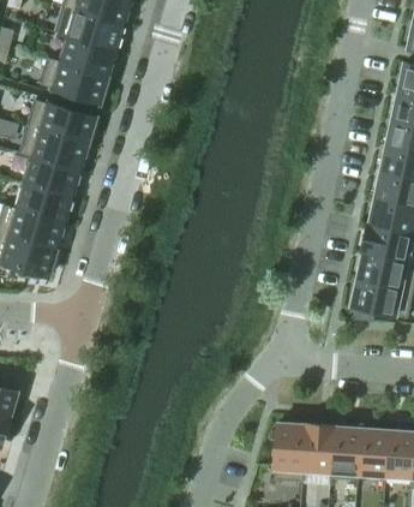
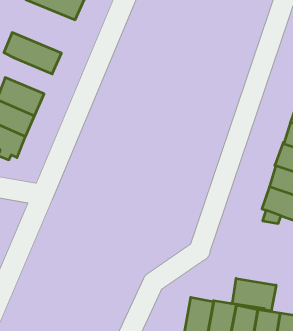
building: [26,100,96,145] -> none
building: [24,157,80,197] -> none
building: none -> [231,278,276,311]

